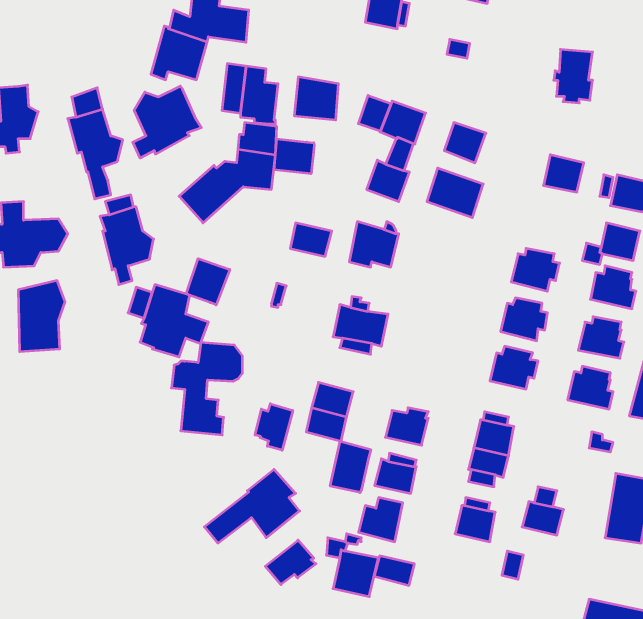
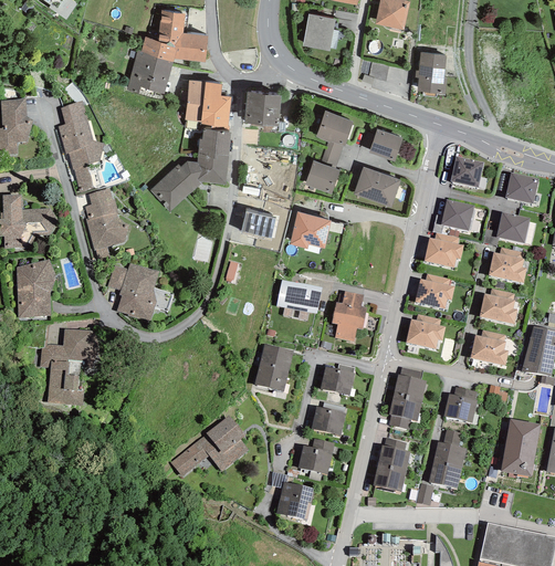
building: [554,49,593,103] -> [415,52,447,96]
building: [133,86,201,158] -> none
building: [358,95,391,131] -> none
building: [274,139,314,174] -> none
building: none -> [440,199,473,230]
building: [186,259,230,305] -> none
building: none -> [332,291,366,340]
building: [171,342,242,435] -> [40,328,98,405]
building: [255,404,293,450] -> none
building: none -> [442,387,477,422]
building: [330,441,371,493] -> none
building: none -> [428,462,461,489]
building: [265,540,316,585] -> none
building: [374,556,414,585] -> [373,468,406,492]

